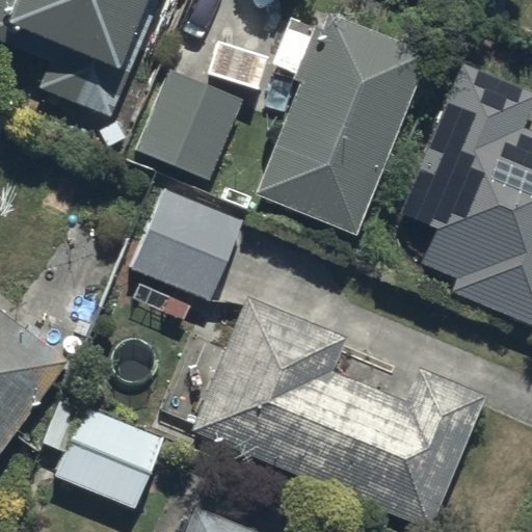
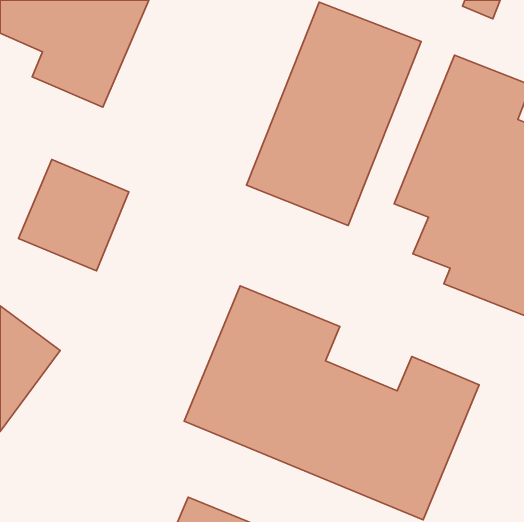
building: [137,71,243,180] -> none
building: [133,190,243,301] -> [18,159,129,271]
building: [56,407,164,509] -> none

